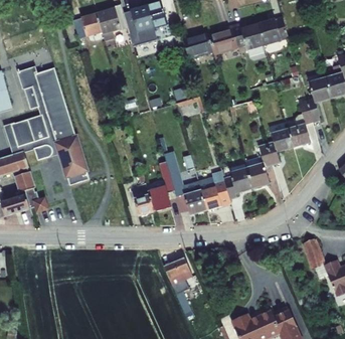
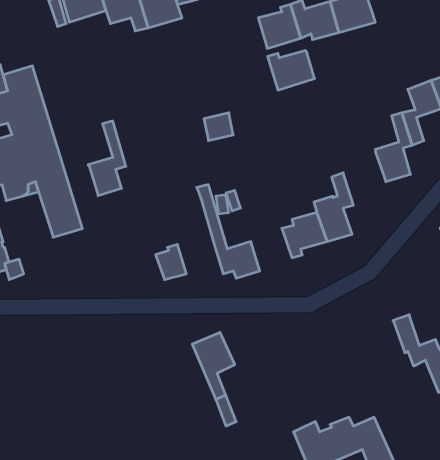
building: [182,32,214,59] -> [268,51,315,90]
building: [268,127,297,163] -> none
building: [153,159,179,210] -> [88,121,126,196]
building: [200,165,232,208] -> none

